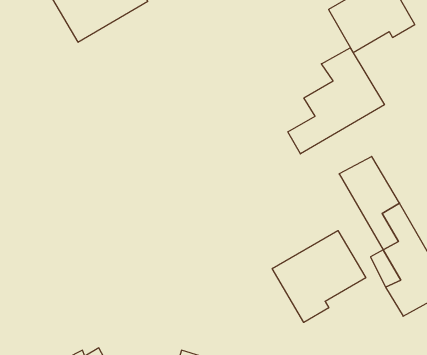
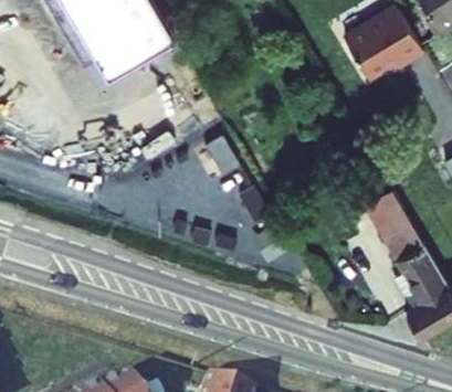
building: [288,48,384,154] -> none
building: [272,231,366,322] -> none

